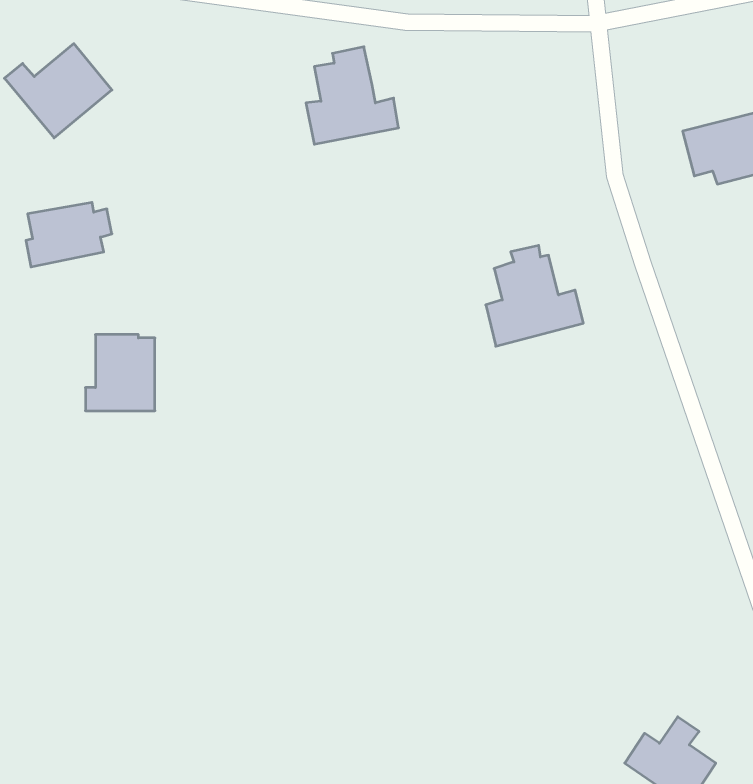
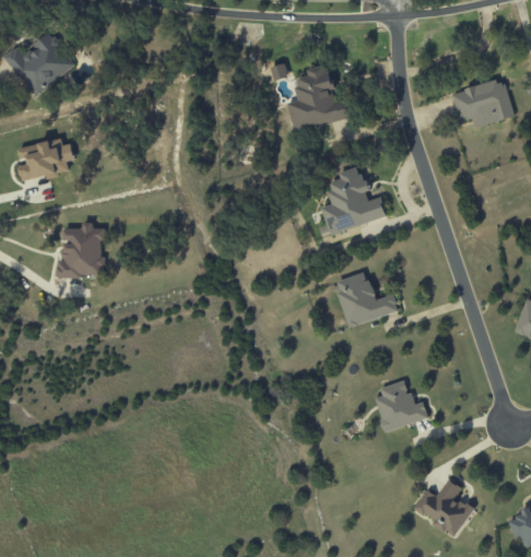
building: [306,47,399,144] -> [290,63,351,128]
building: none -> [335,272,400,325]
building: none -> [376,379,428,430]

